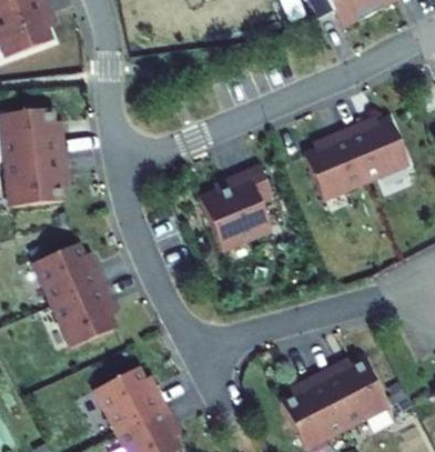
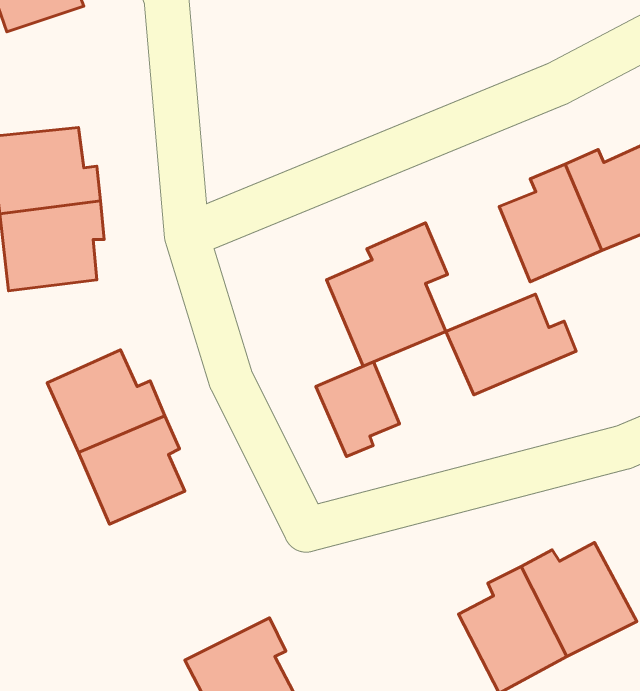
building: none -> [446,294,576,395]
building: none -> [316,362,400,457]
building: [94,365,166,429] -> none

